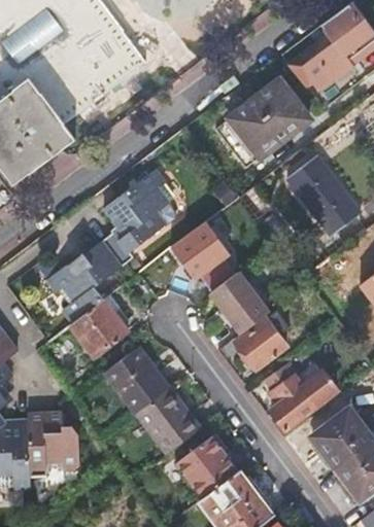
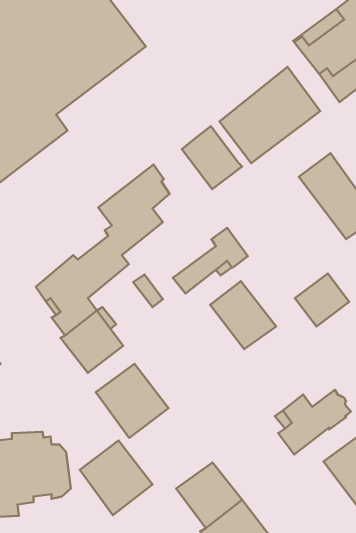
building: none -> [182,126,242,189]
building: [235,320,284,368] -> [295,273,349,327]
building: [134,388,200,456] -> [80,440,152,515]

